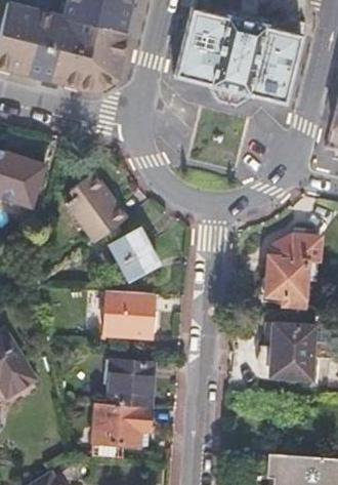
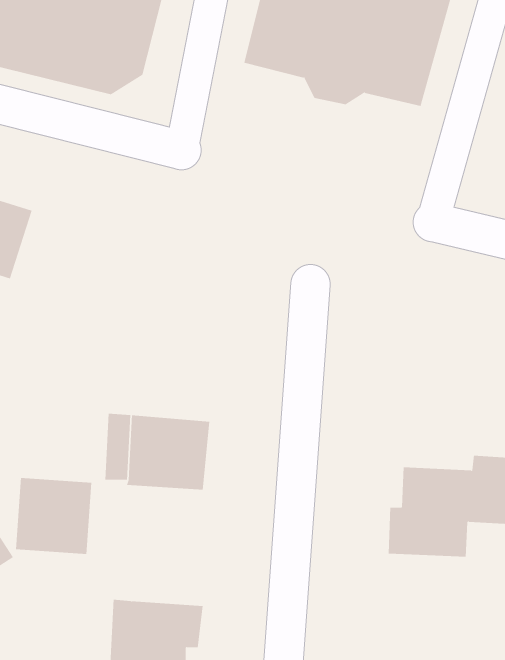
building: [69,174,124,241] -> none
building: [111,230,159,279] -> none
building: [264,233,322,305] -> none
building: [107,359,154,406] -> [15,477,92,555]

